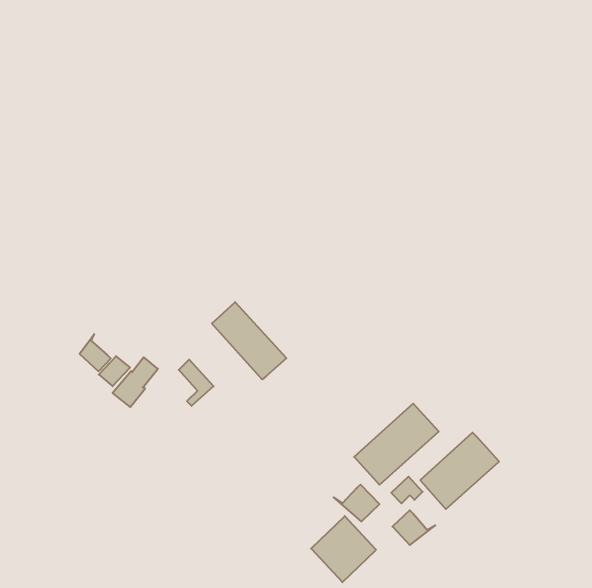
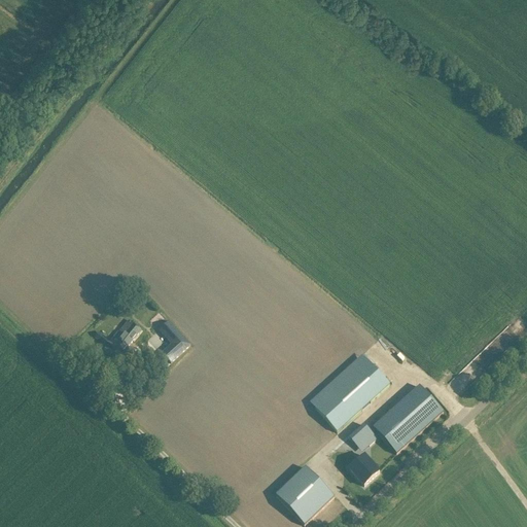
building: [212,302,286,379] -> none
building: [80,334,111,371] -> none
building: [334,485,379,522] -> none

